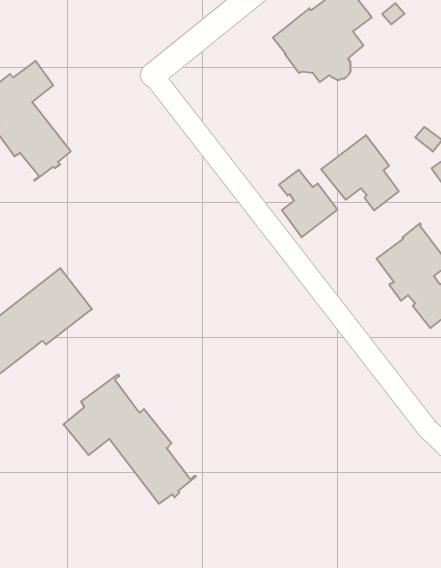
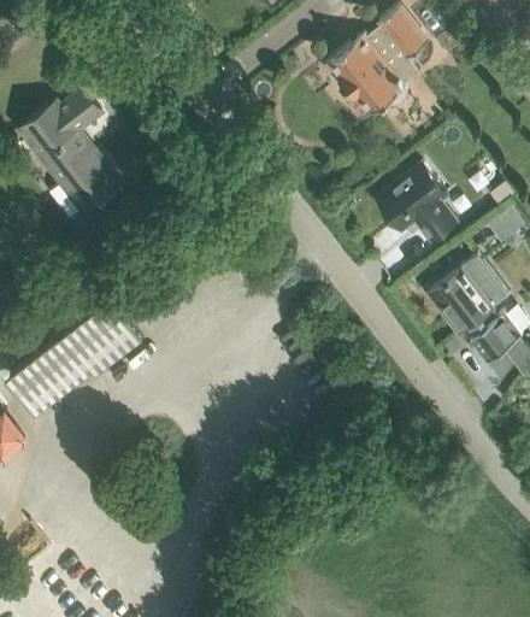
building: [279,170,337,237] -> none
building: [63,374,196,504] -> none

